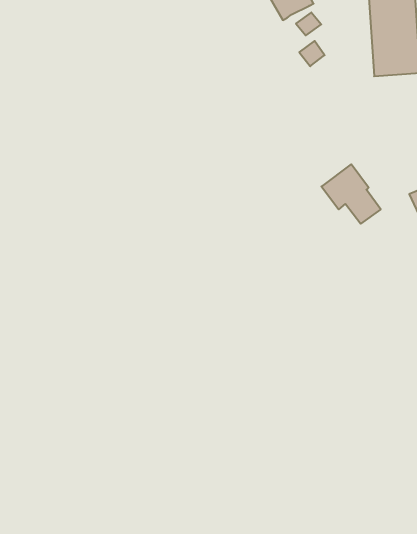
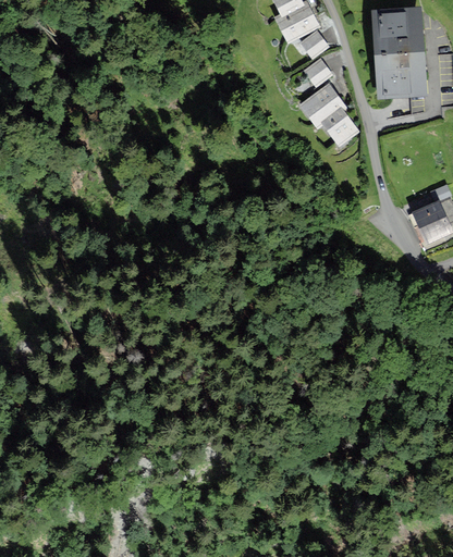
building: [321,164,381,224] -> [299,85,358,144]

